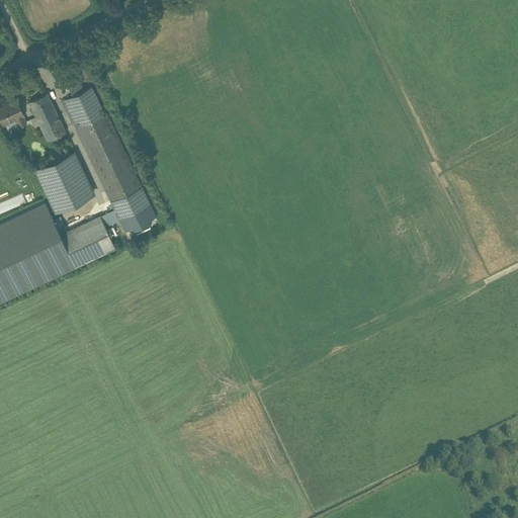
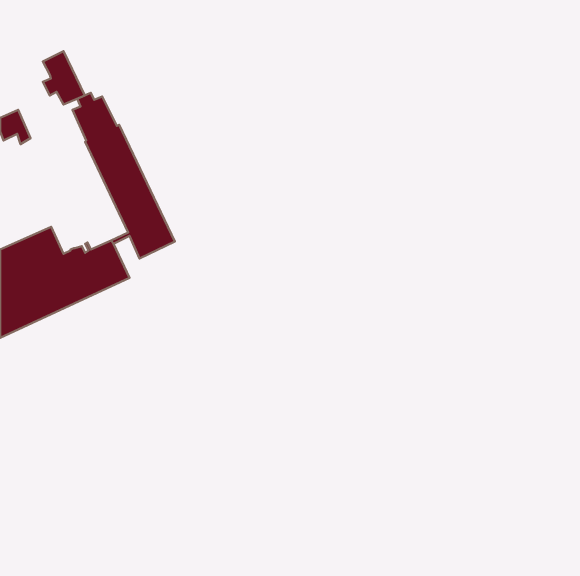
building: [28,95,66,143] -> [43,51,85,104]
building: [35,154,94,214] -> none

